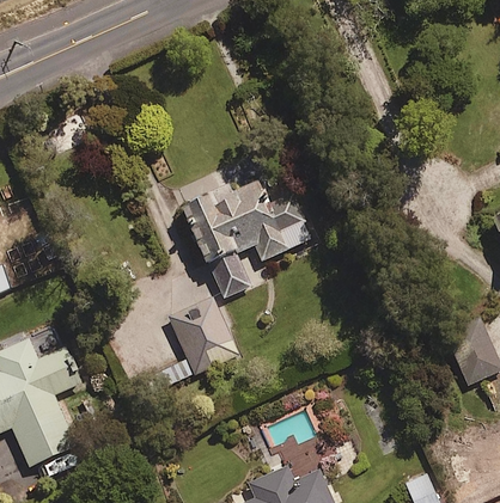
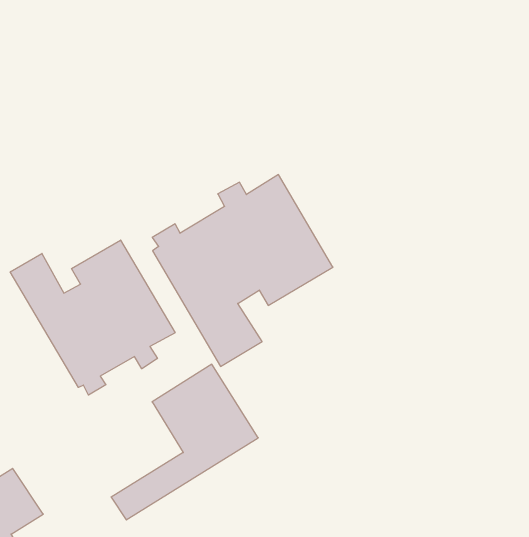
building: none -> [10,240,175,395]

